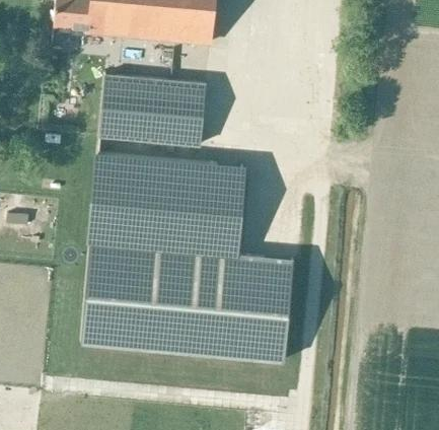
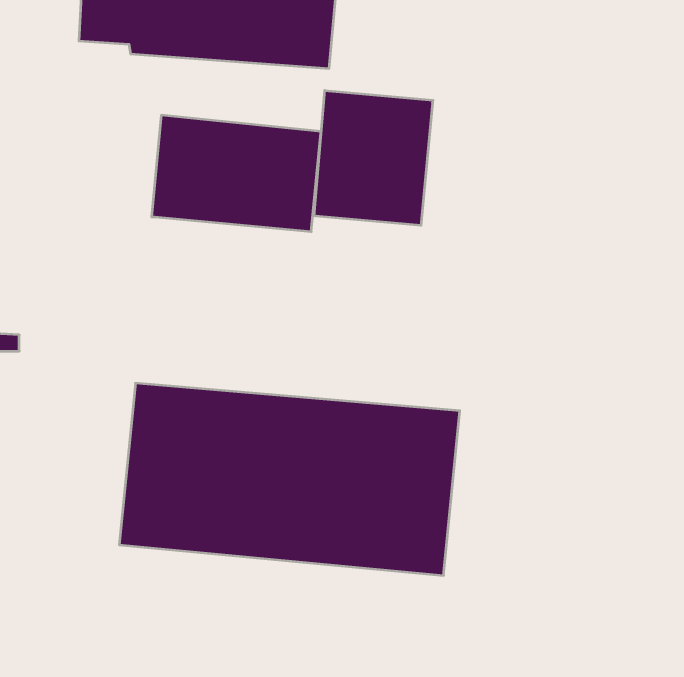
building: none -> [314,90,433,225]
building: [90,153,243,254] -> none

